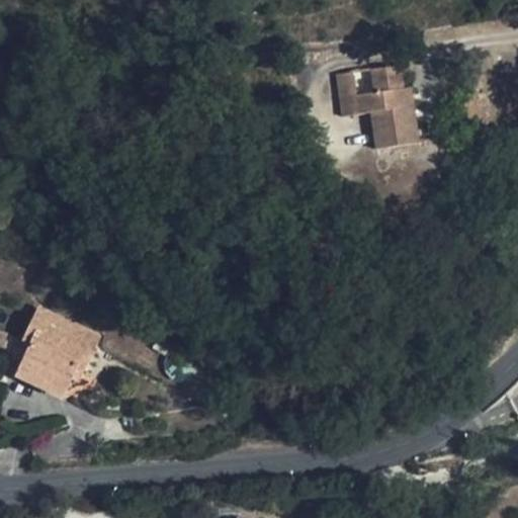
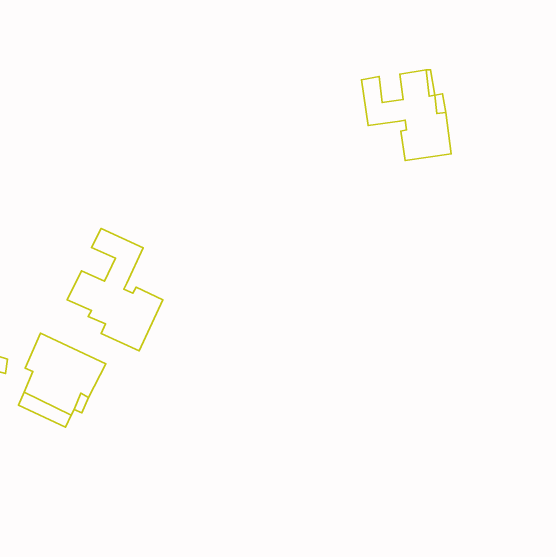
building: none -> [67,228,163,351]

